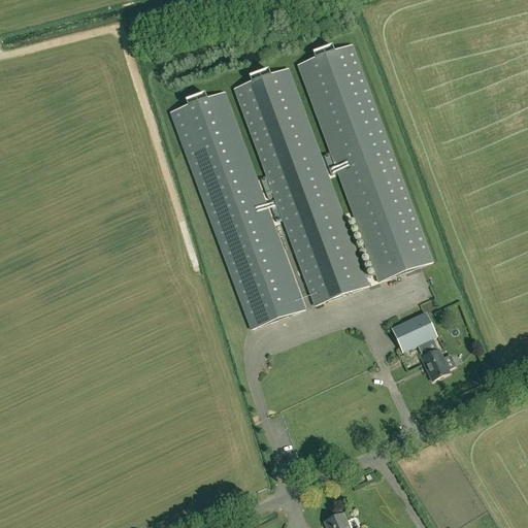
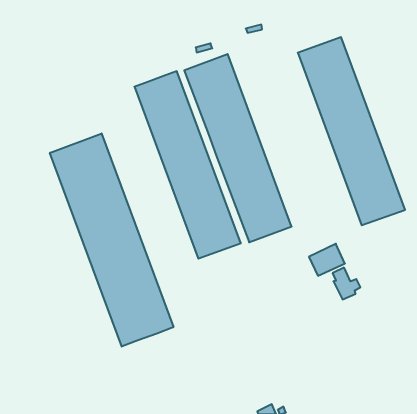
building: [297,44,432,282] -> [298,37,405,225]
building: none -> [50,133,173,347]

